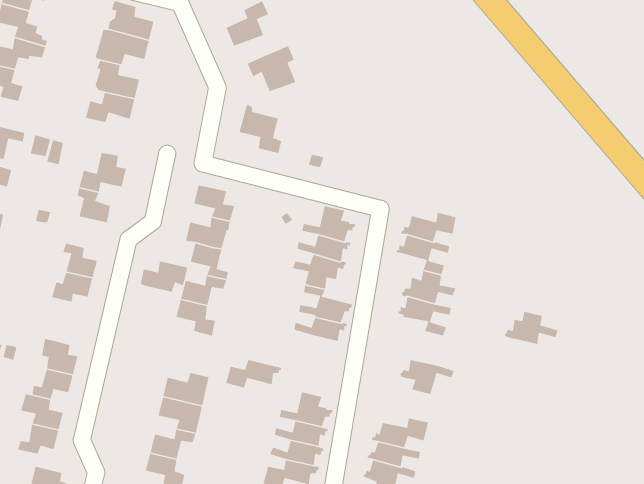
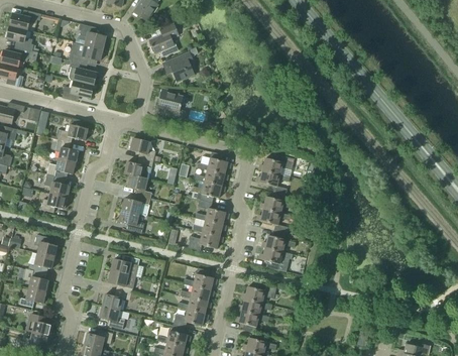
building: [140,261,188,293] -> [45,158,76,179]
building: [504,311,559,345] -> [261,230,296,251]
building: [225,359,282,388] -> [188,232,223,250]

